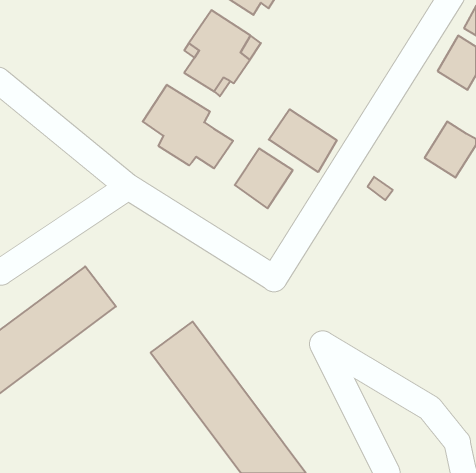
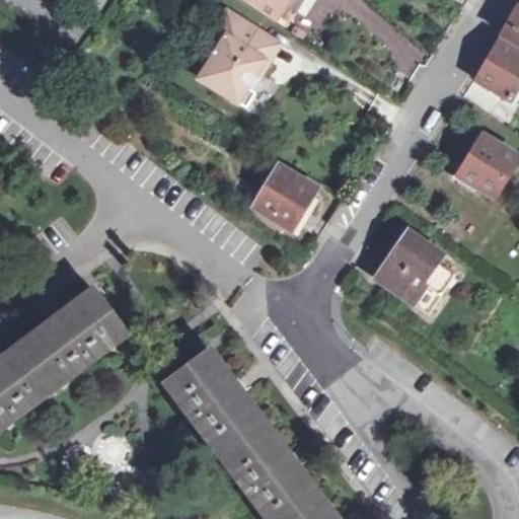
building: [143,85,233,168] -> none
building: [269,109,337,172] -> none
building: none -> [375,230,453,312]

